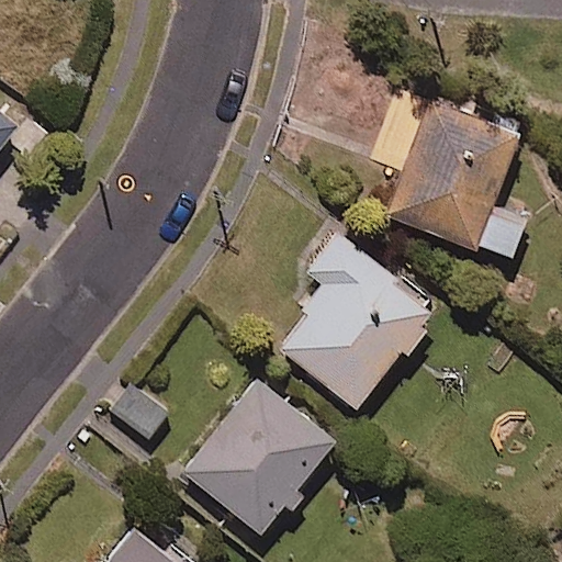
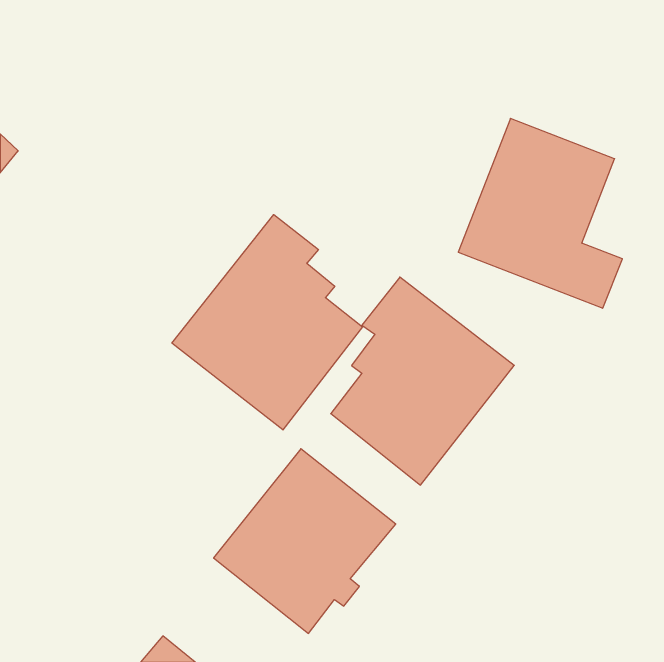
building: none -> [172,215,362,430]

